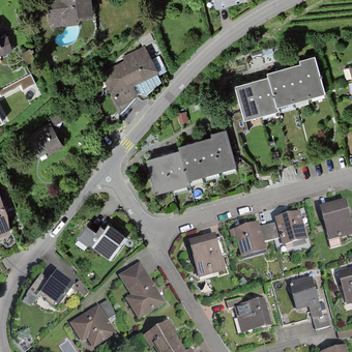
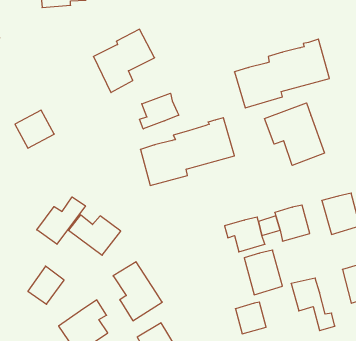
building: none -> [140,93,179,129]
building: none -> [265,103,324,165]
building: none -> [37,197,85,244]
building: [188,235,225,277] -> [244,250,282,295]

